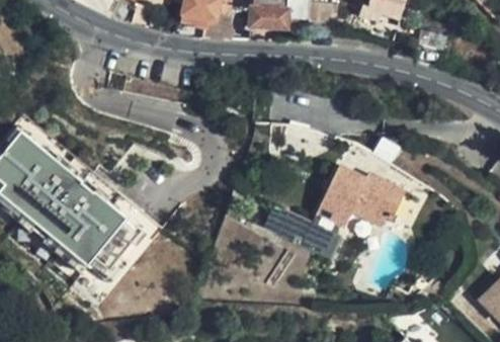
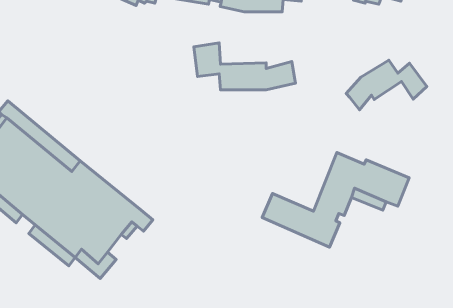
building: none -> [194,43,296,90]
building: none -> [346,60,427,110]

